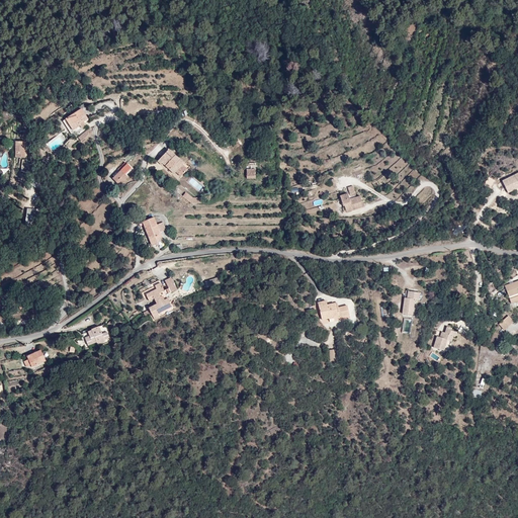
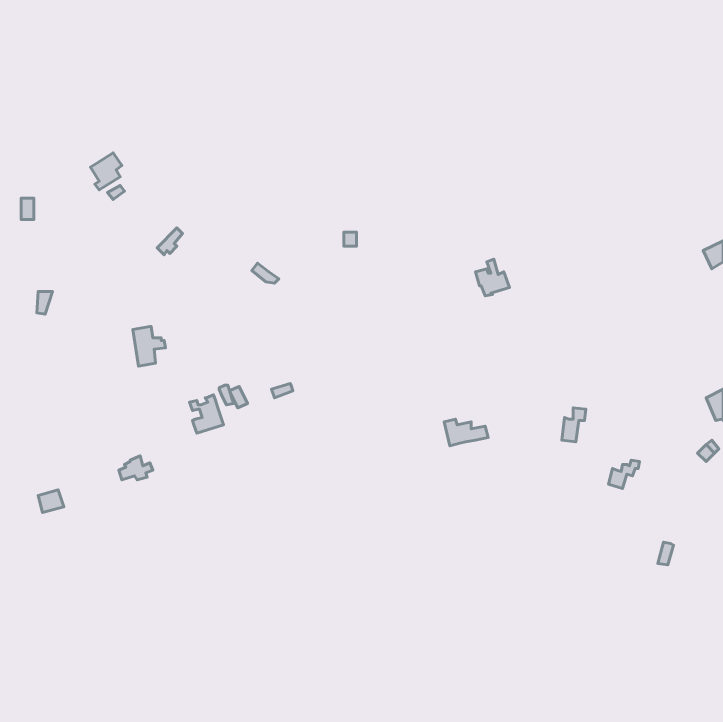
building: [153,147,183,172] -> none
building: [144,217,167,245] -> [133,327,165,366]

